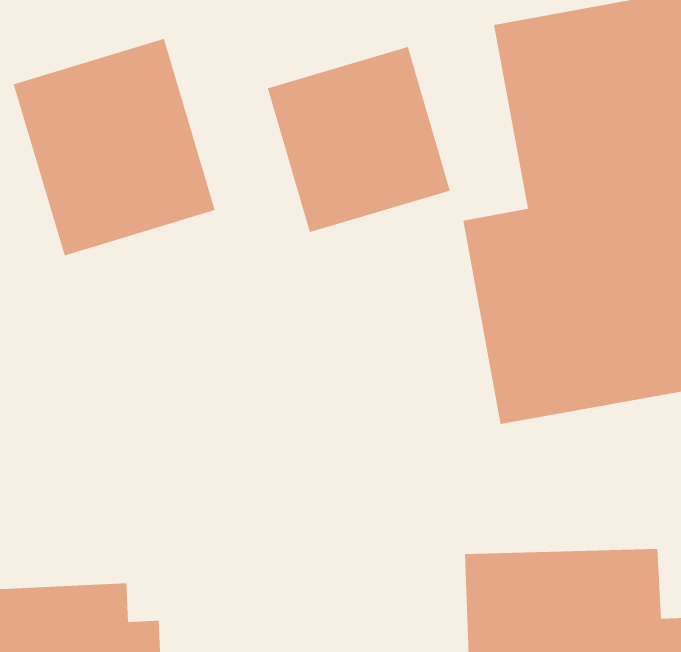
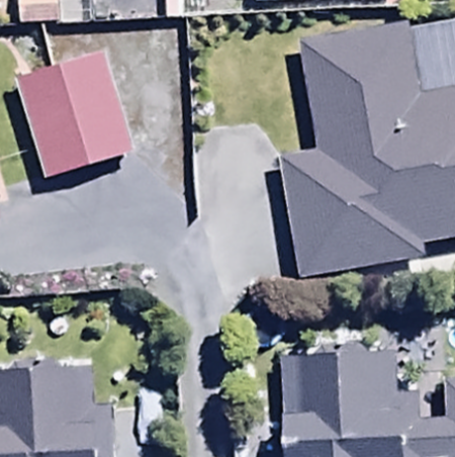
building: [267,46,450,233] -> none

